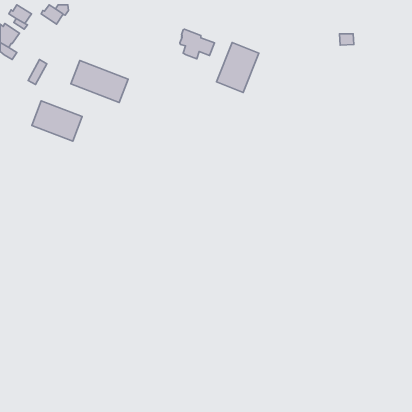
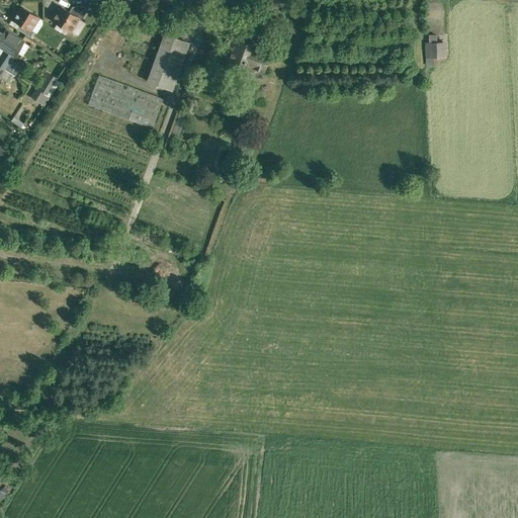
building: none -> [147,34,187,90]
building: [216,42,259,93] -> none
building: [32,101,82,141] -> none

